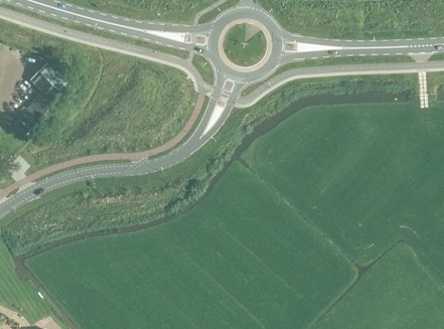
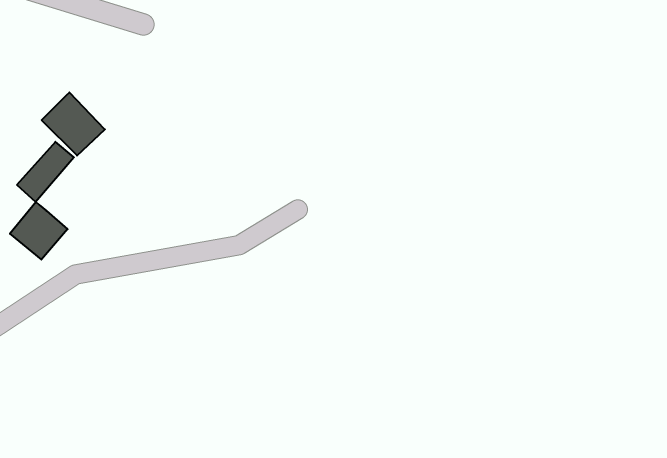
building: none -> [10,202,68,260]

